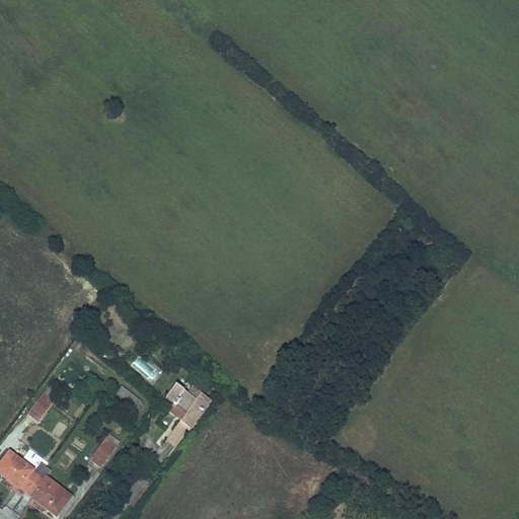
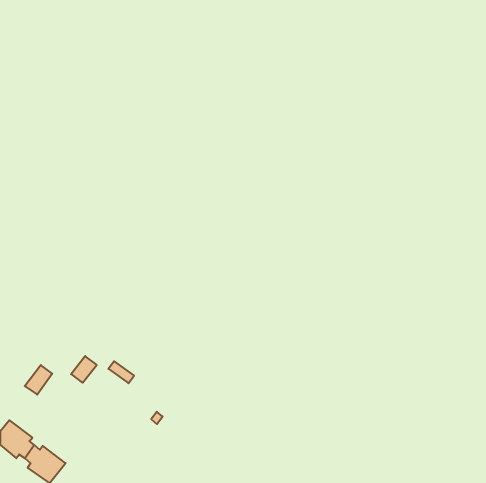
building: [167,383,211,426] -> none
building: [89,437,117,465] -> [71,356,97,383]

